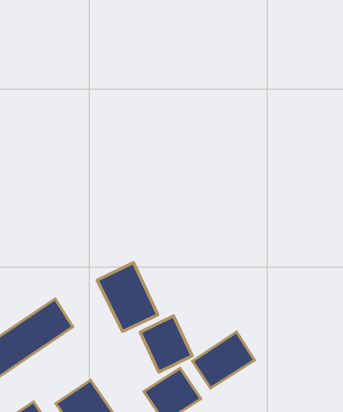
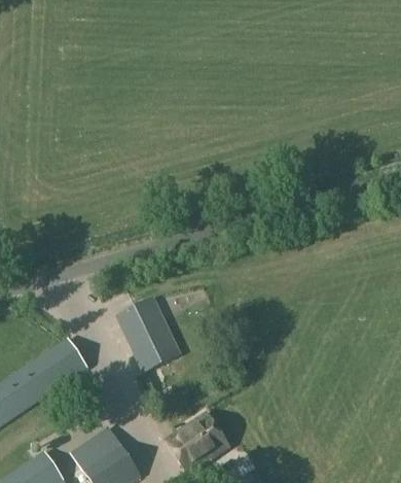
building: [140,316,192,372] -> none
building: [193,332,255,388] -> none

